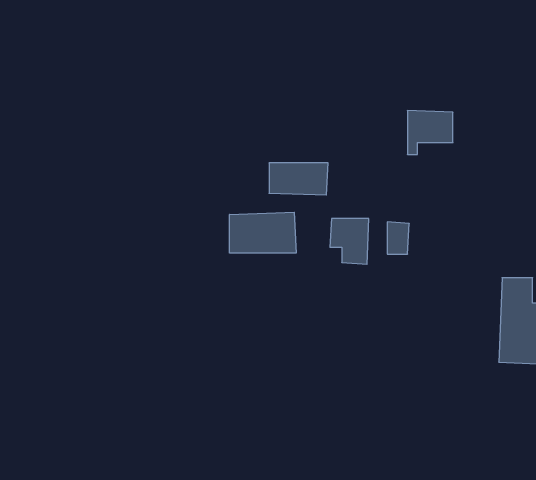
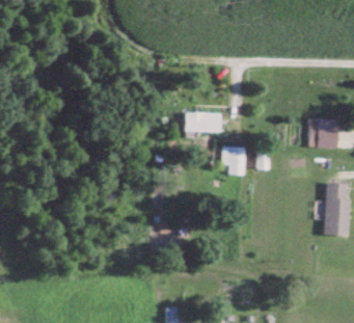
building: [407,111,453,154] -> [309,119,337,146]
building: [230,212,296,253] -> none

